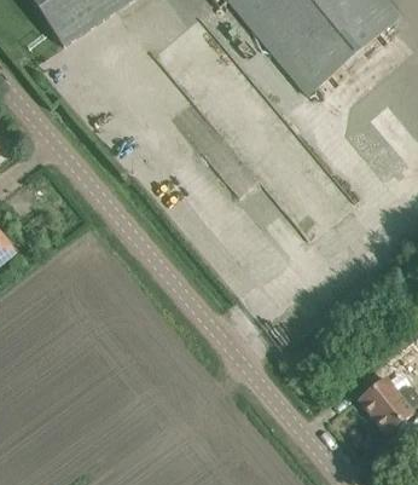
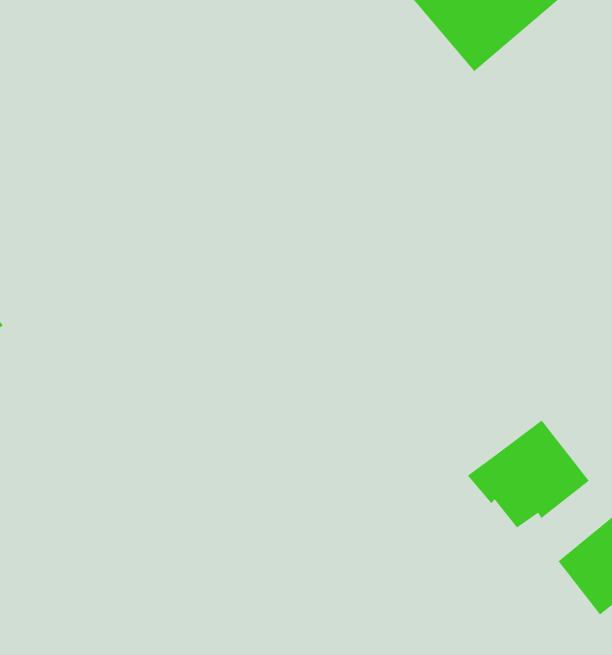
building: none -> [467,420,590,528]

